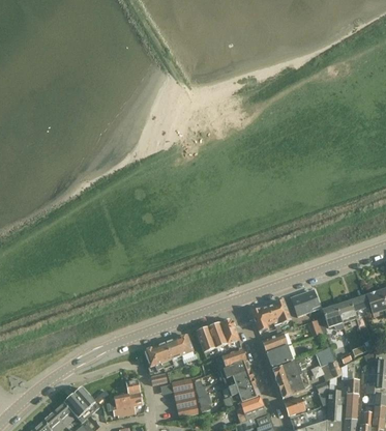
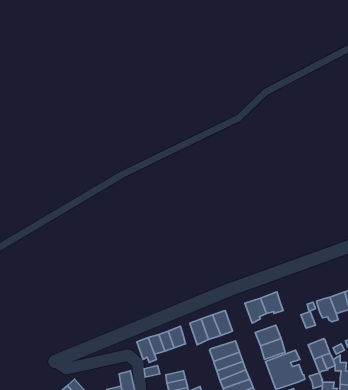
building: [291,292,320,316] -> none

